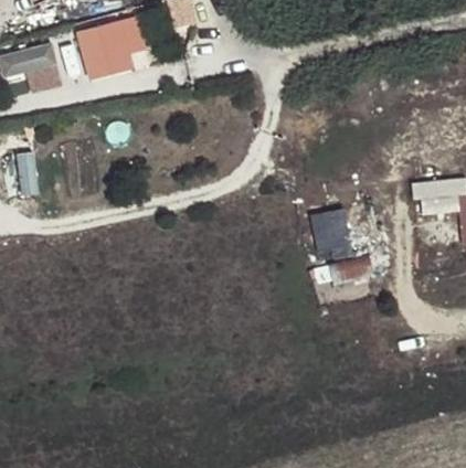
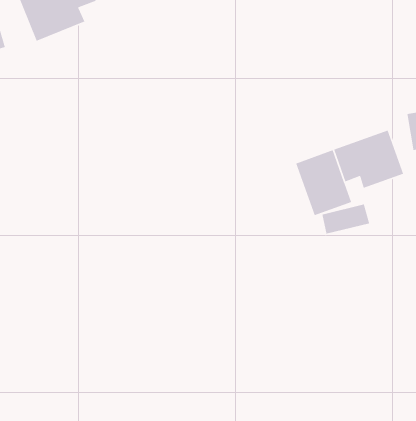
building: none -> [333,130,404,189]

